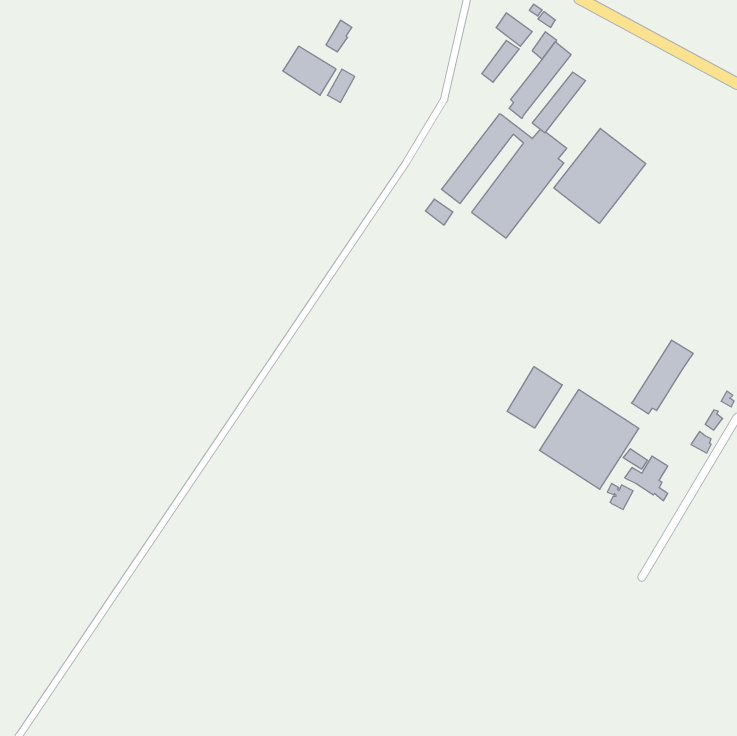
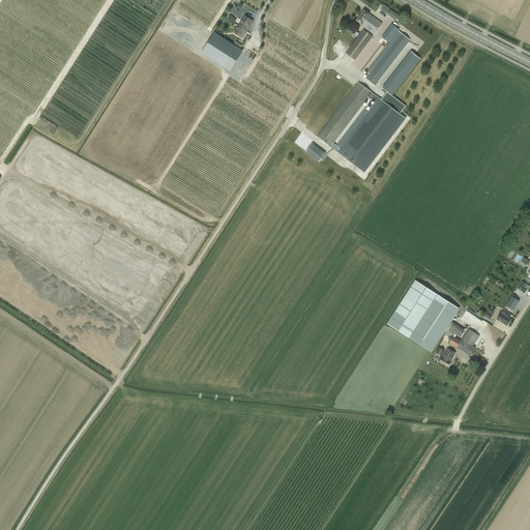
building: [554,128,646,223] -> none
building: [631,340,693,414] -> none
building: [507,367,562,428] -> none

